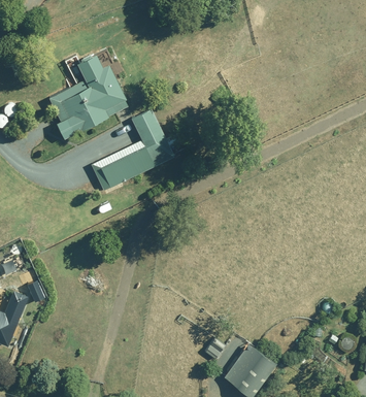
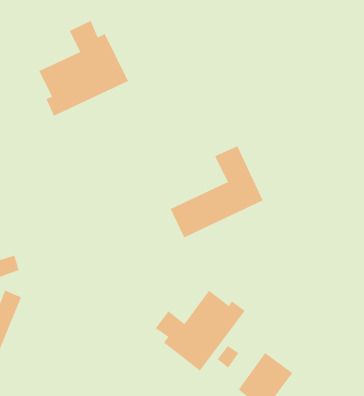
building: [91,109,173,191] -> [170,145,264,238]
building: none -> [155,290,245,371]

